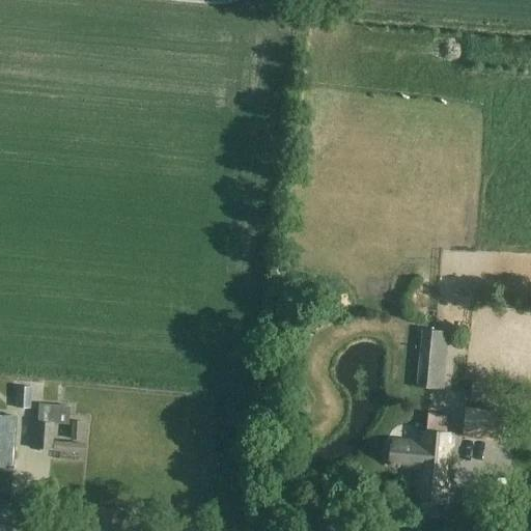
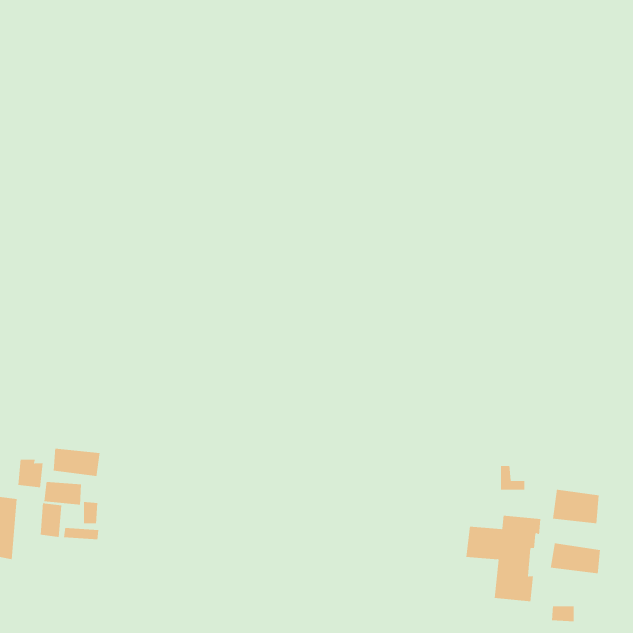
building: [416,327,447,387] -> none
building: none -> [53,448,100,477]
building: none -> [550,543,600,574]

